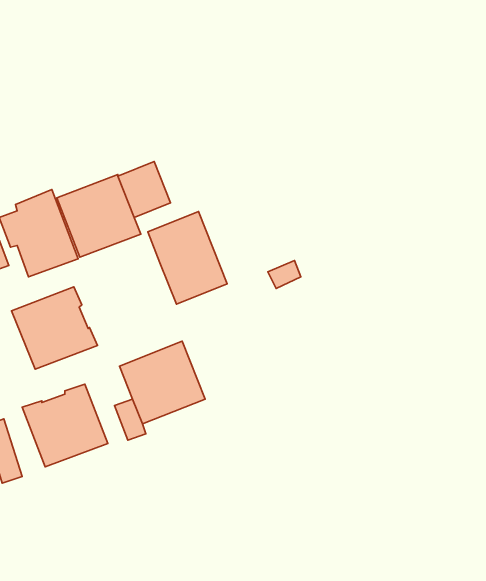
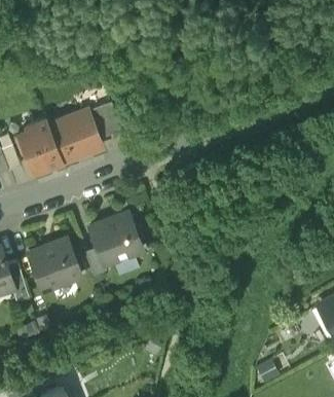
building: [148,212,227,304] -> none
building: [11,287,98,369] -> none

